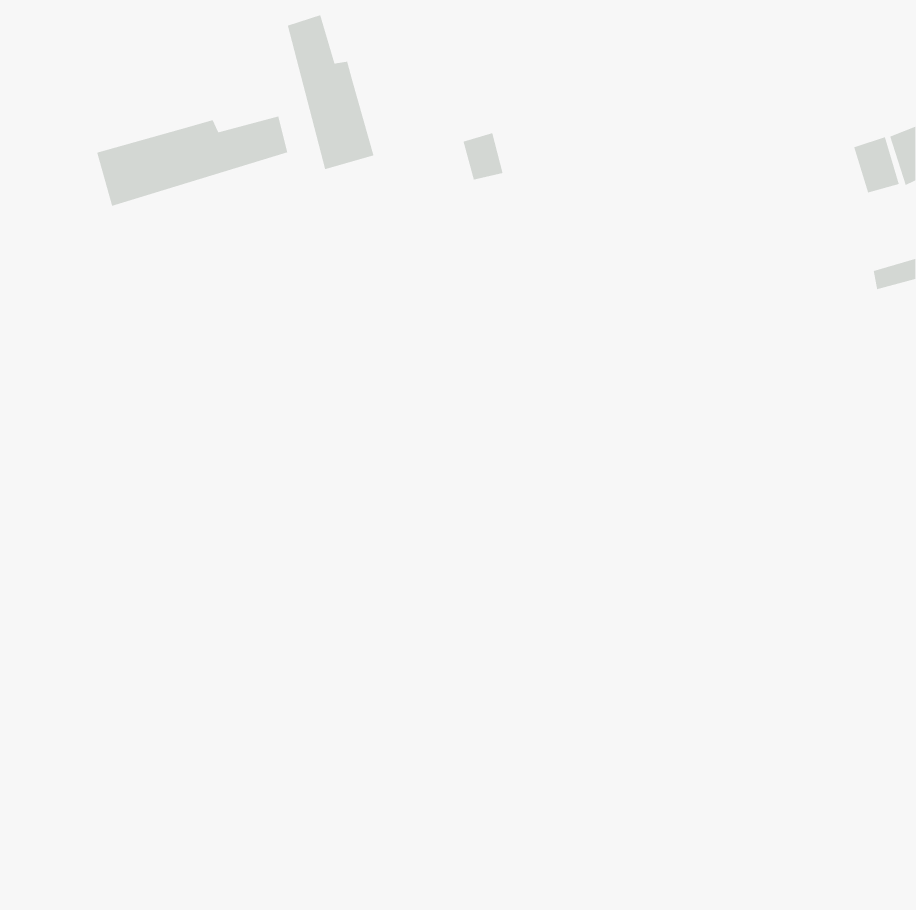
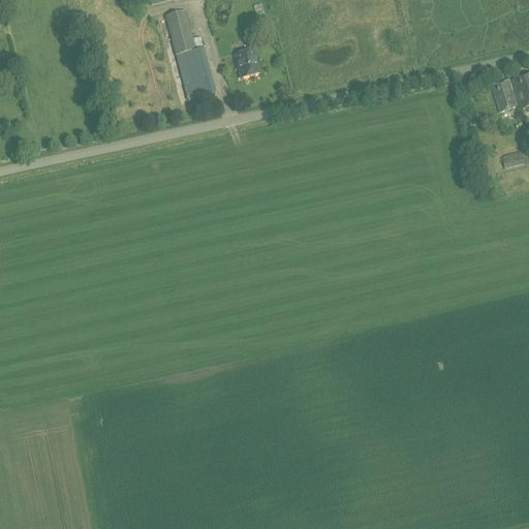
building: [96,115,288,207] -> none
building: [462,132,504,181] -> [236,49,259,76]

